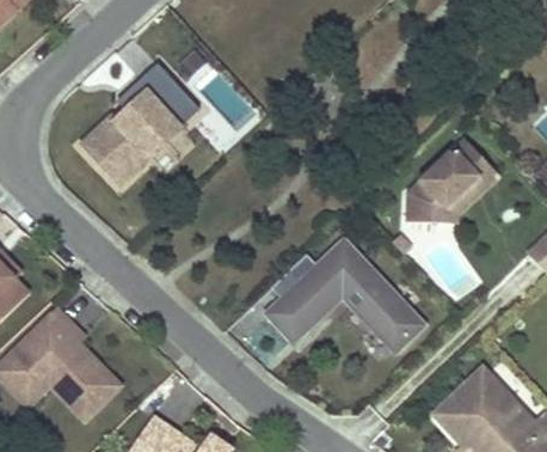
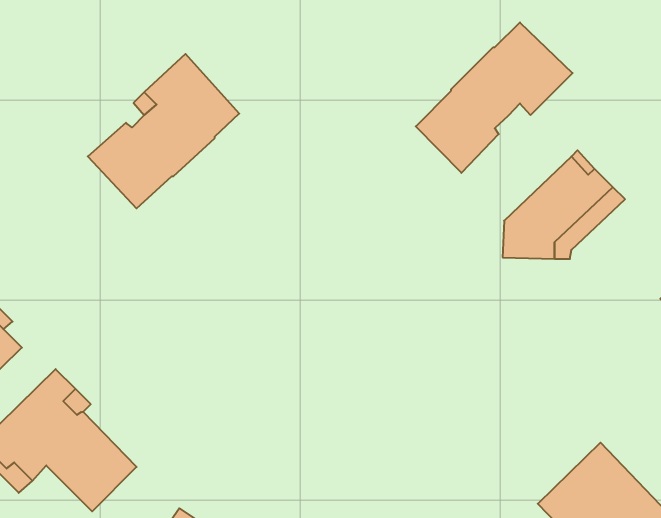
building: none -> [416,22,573,173]
building: [270,244,419,348] -> none

